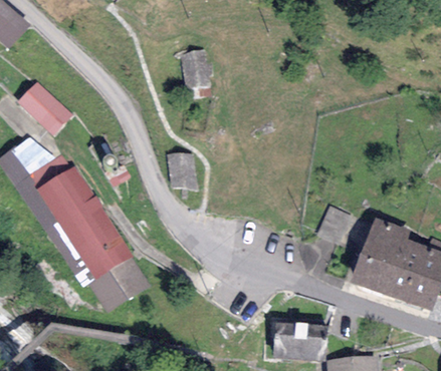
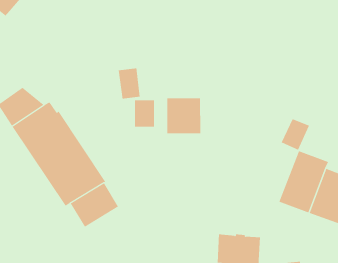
building: [182,49,210,88] -> [118,68,140,99]
building: [16,81,72,137] -> none
building: none -> [167,97,201,134]
building: [316,206,353,246] -> [281,118,310,151]

